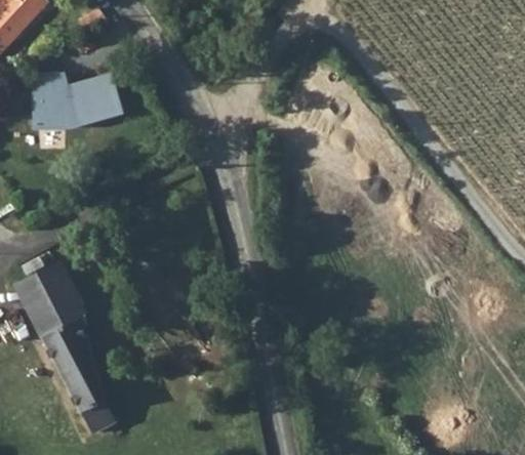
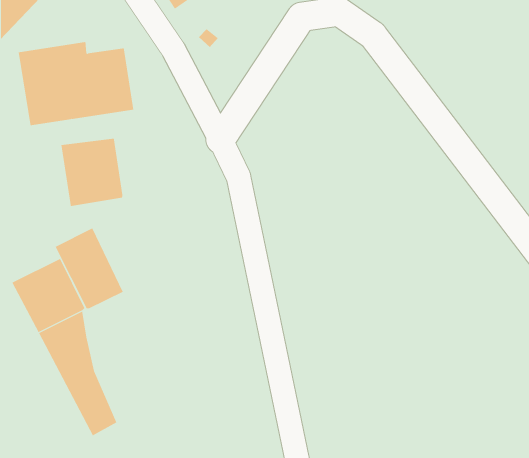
building: none -> [61,138,123,207]
building: none -> [55,228,123,309]

